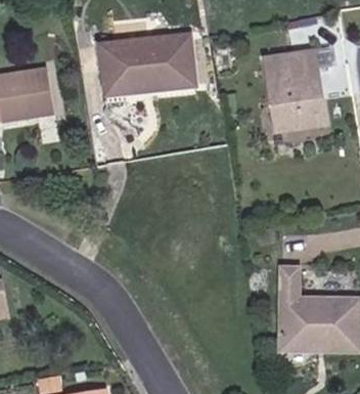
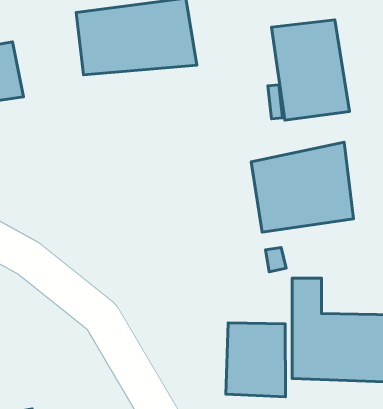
building: none -> [251,142,354,232]
building: none -> [226,323,286,397]

